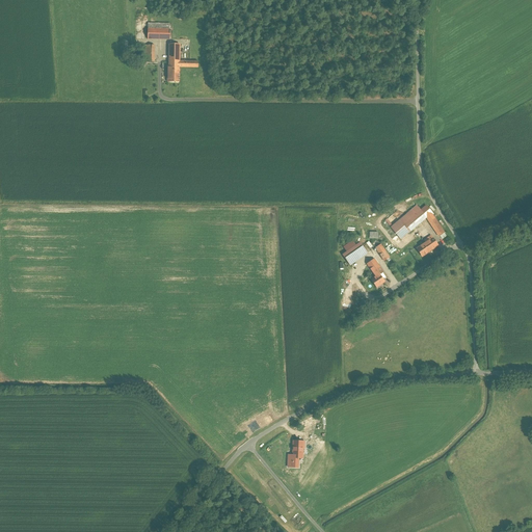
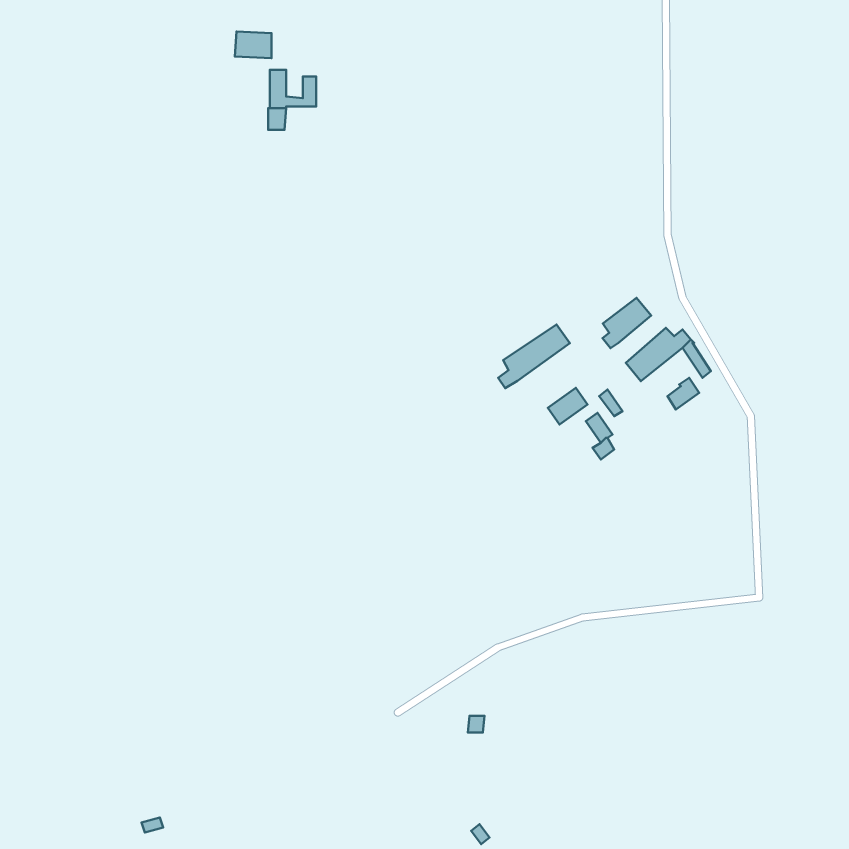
building: none -> [603,298,651,348]
building: none -> [498,324,570,388]

